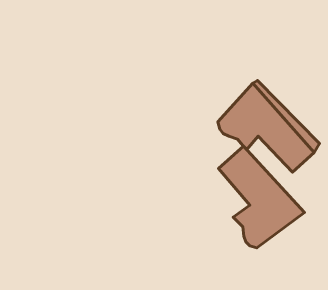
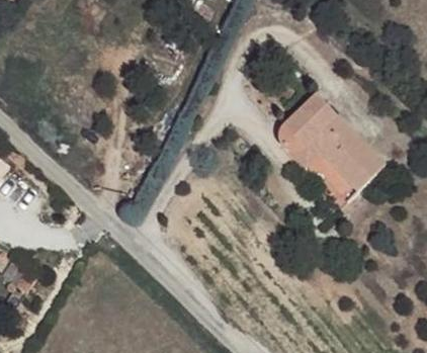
building: [219,146,304,248] -> none

